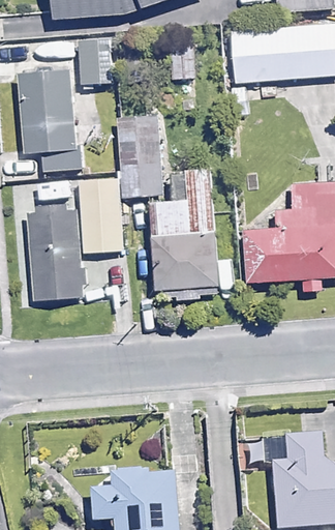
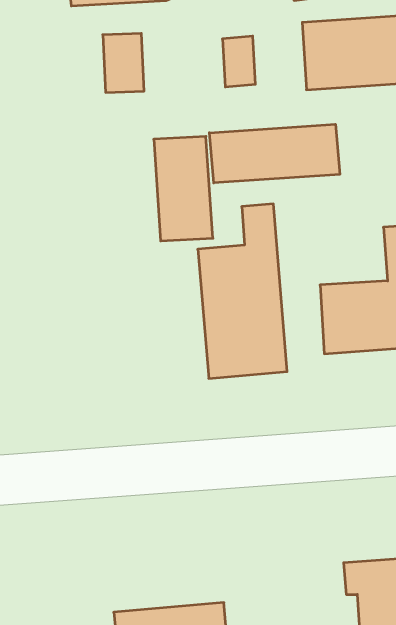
building: [22,69,77,171] -> none
building: none -> [209,124,340,183]
building: [29,179,122,299] -> none

